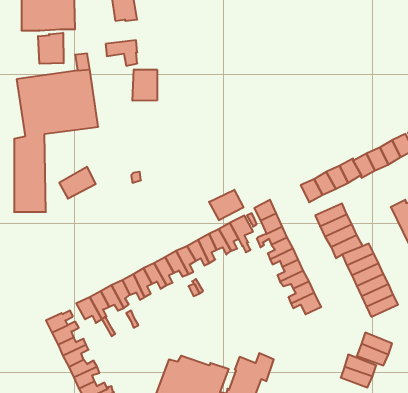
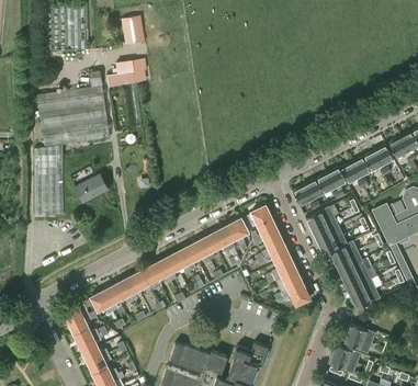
building: [38,33,64,64] -> none
building: [132,69,157,101] -> none
building: [209,190,243,220] -> none

